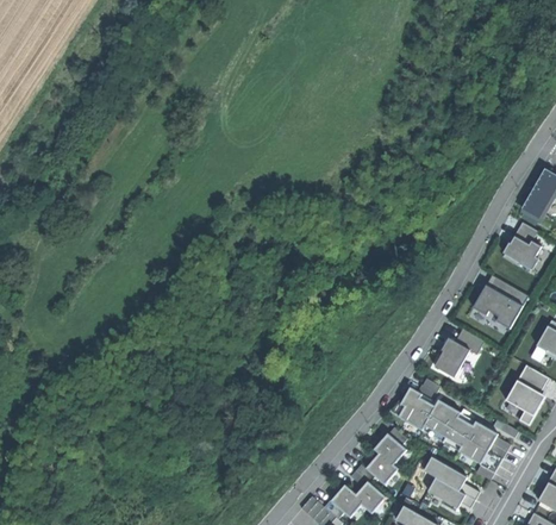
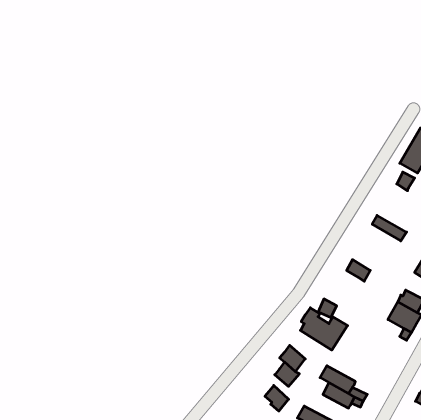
building: [504,237,539,268] -> none
building: [474,286,520,326] -> none
building: [436,338,469,376] -> none
building: [437,408,498,467] -> none
building: [331,485,364,517] -> none

